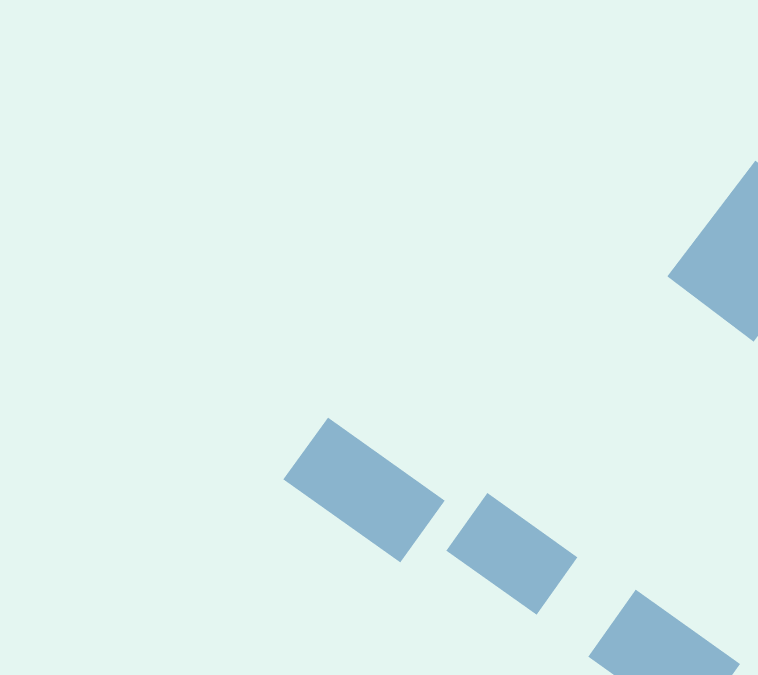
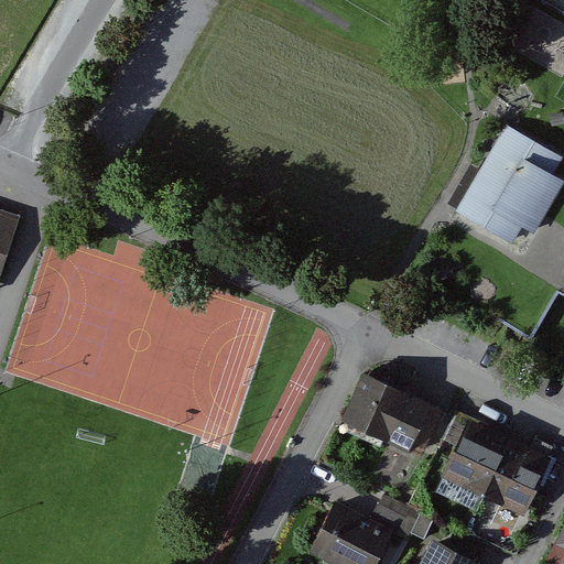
building: [282,416,446,564] -> none

